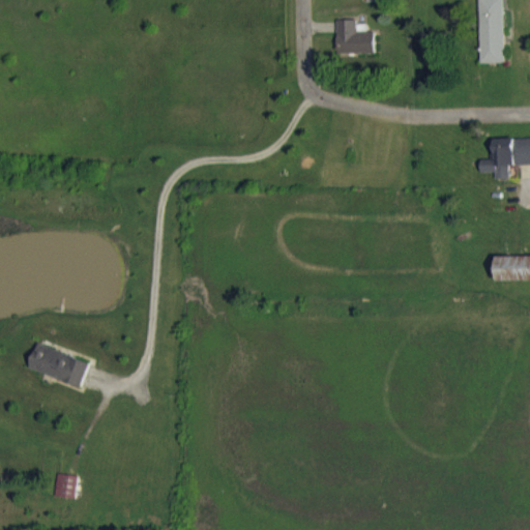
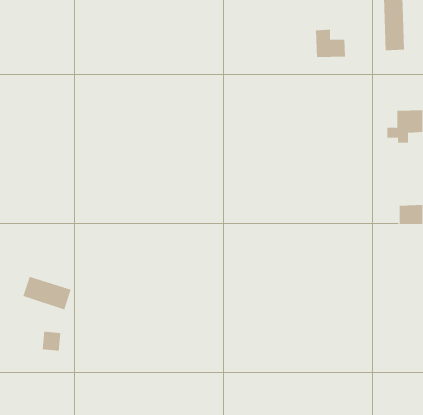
building: [335,19,374,54] -> [315,29,346,58]
building: [53,473,77,498] -> [42,331,61,351]

